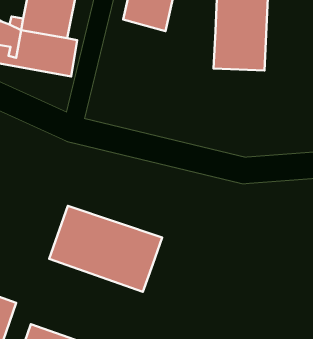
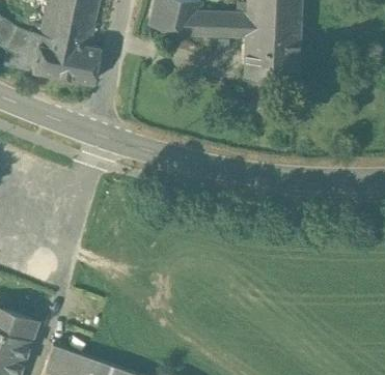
building: none -> [194,9,248,36]
building: [49,206,162,292] -> none

